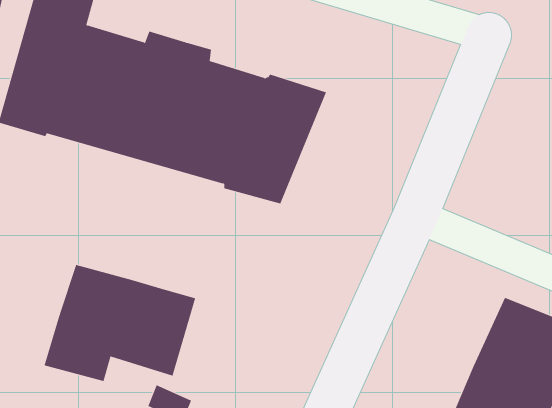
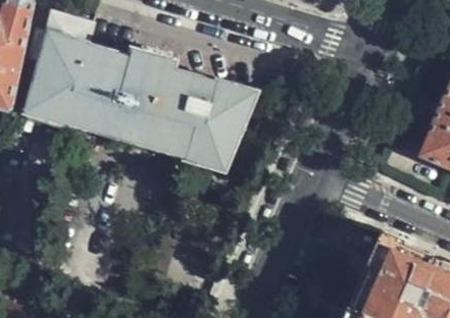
building: [44,264,196,382] -> none

